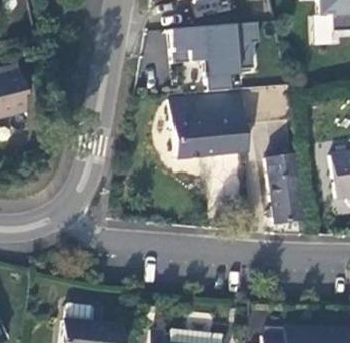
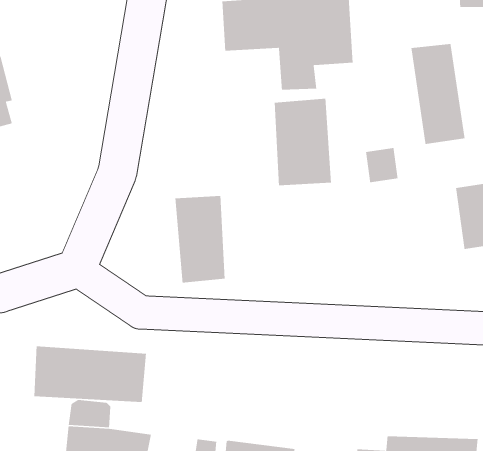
building: [172,96,208,157] -> [175,195,225,283]
building: [265,154,303,225] -> [410,43,466,145]
building: none -> [33,346,147,403]

